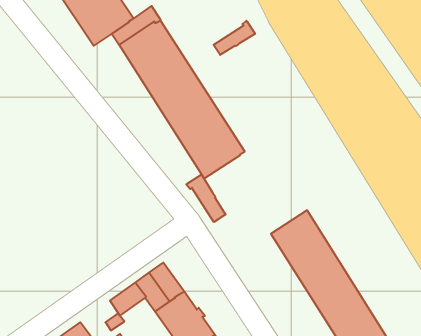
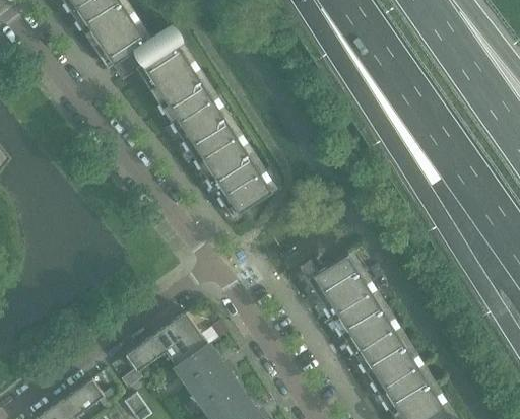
building: [214,21,255,55] -> none
building: [186,175,226,222] -> none

